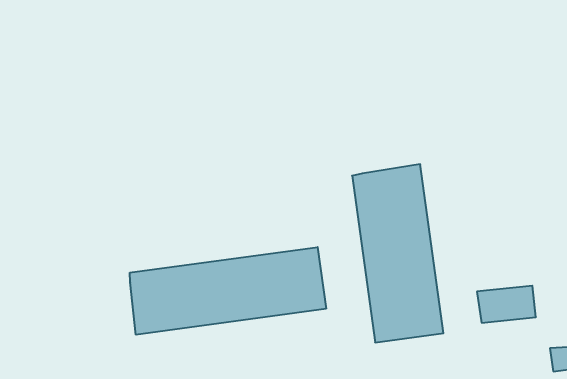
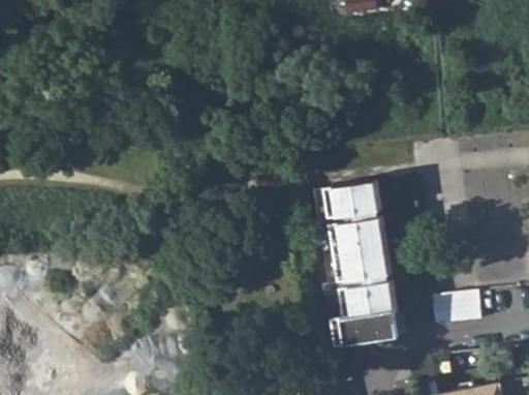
building: [130,247,326,335] -> none

